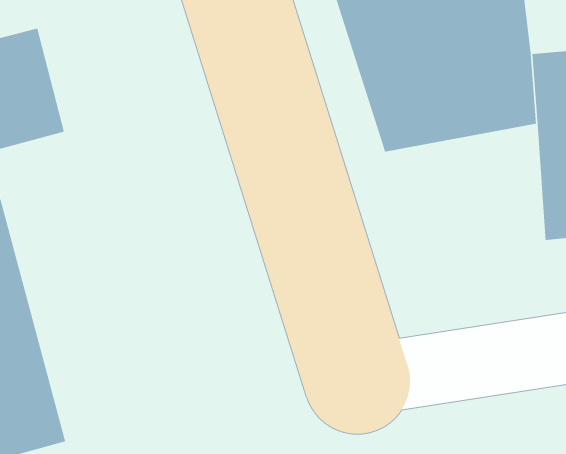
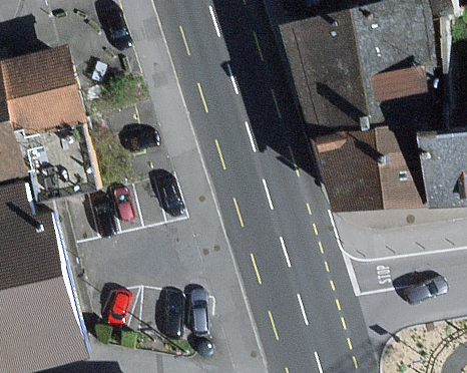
building: none -> [319,117,437,210]

